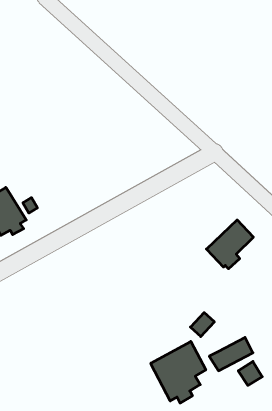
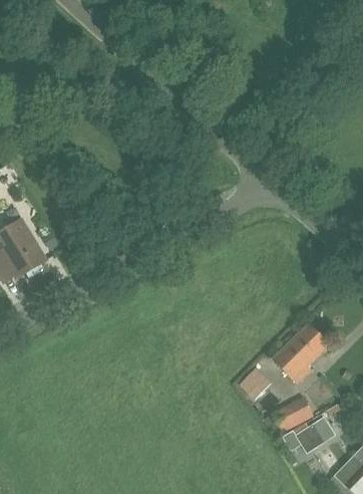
building: [206,220,253,269] -> [271,324,326,382]
building: [151,341,206,403] -> none

